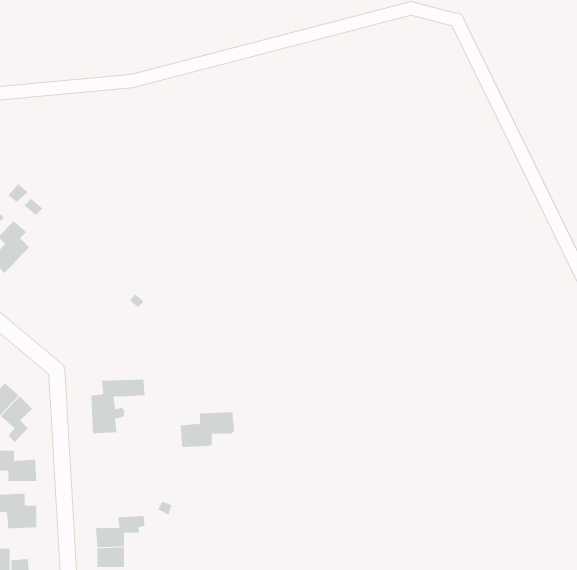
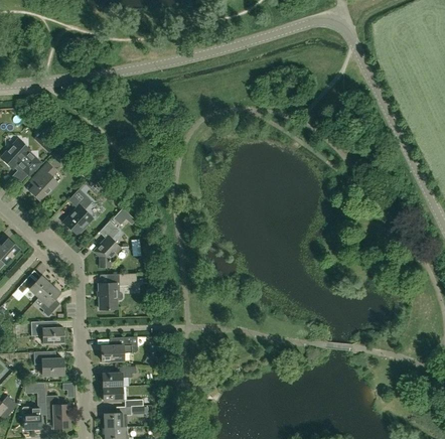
building: none -> [63,189,93,236]
building: none -> [95,222,120,267]
building: [180,412,235,447] -> [101,337,138,361]

